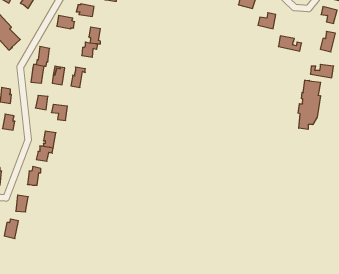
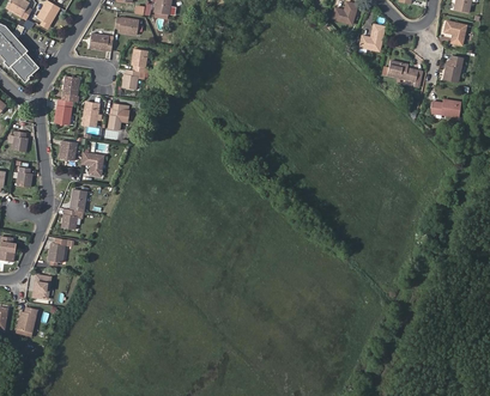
building: [298,80,321,129] -> none

